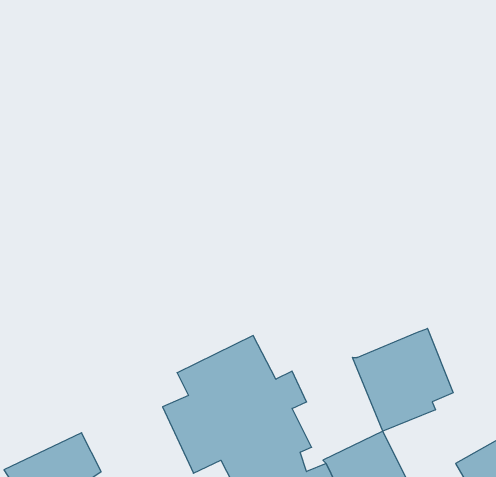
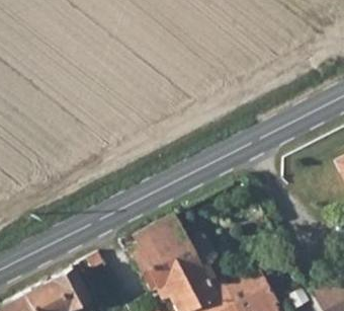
building: [353,328,453,431] -> none

